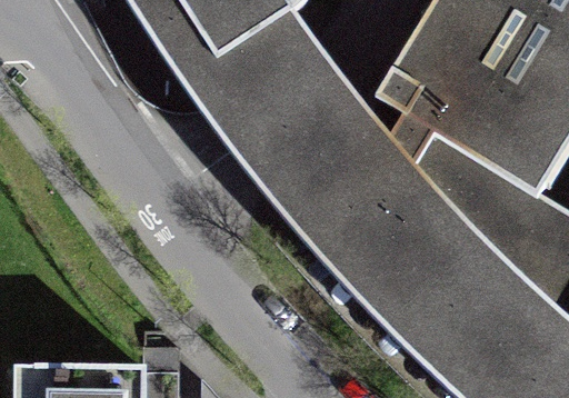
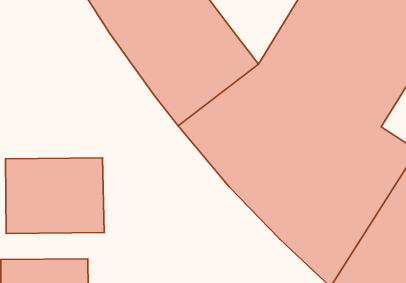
building: none -> [6,158,104,233]

